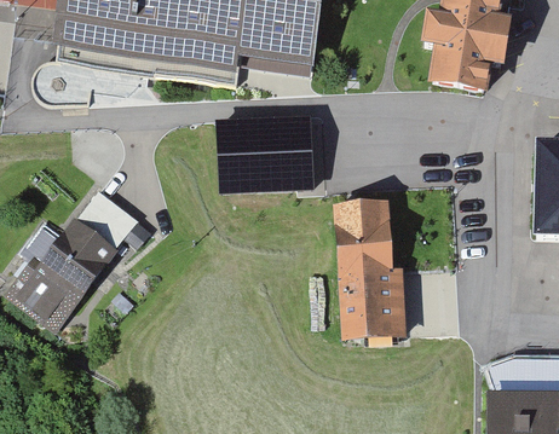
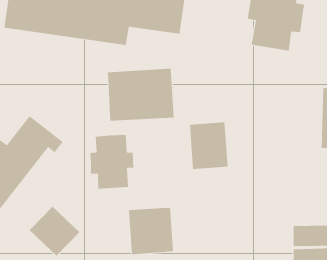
building: none -> [90,134,134,189]
building: [339,266,408,337] -> [128,207,174,255]
building: none -> [29,206,80,257]

